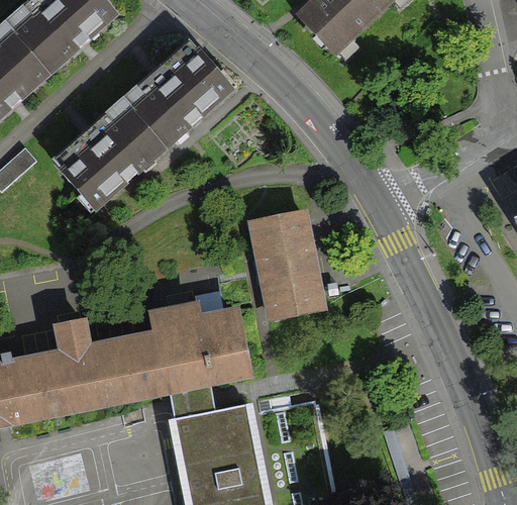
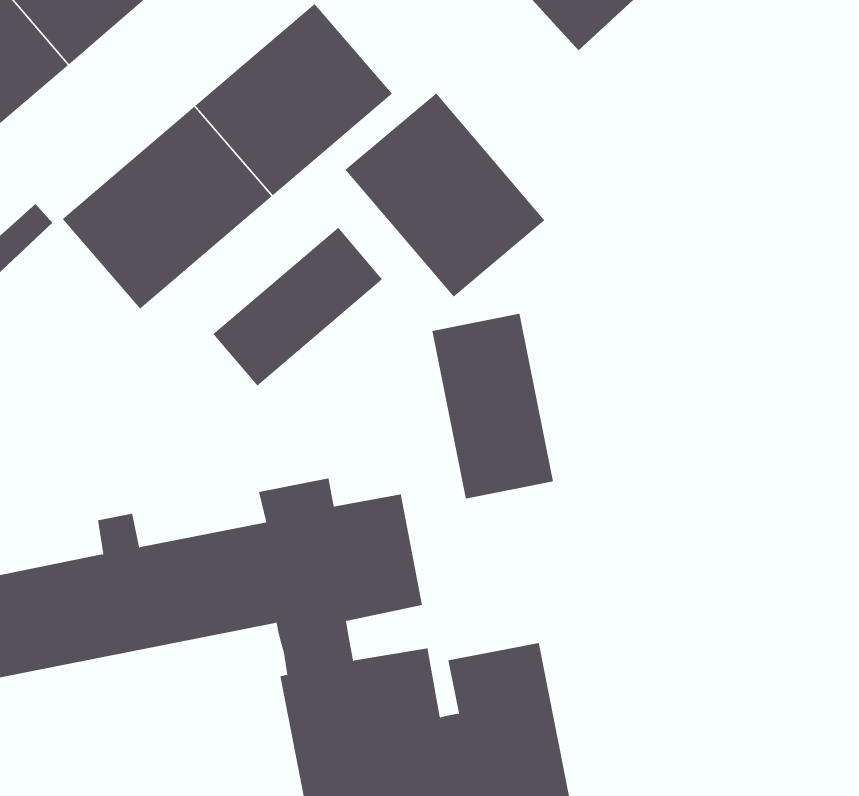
building: none -> [345,92,545,298]
building: none -> [213,227,383,387]

